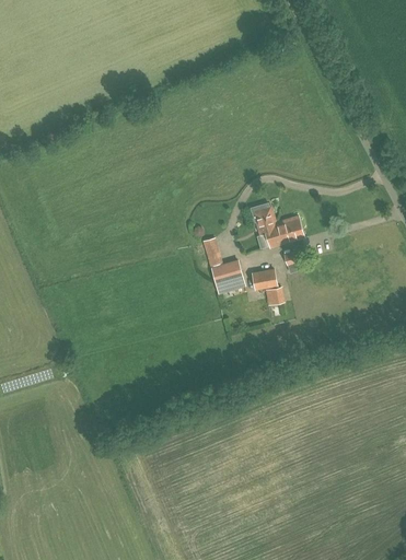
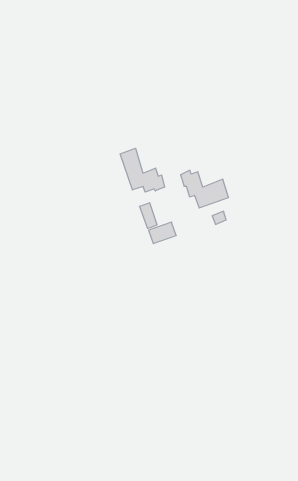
building: none -> [120,148,165,192]
building: [252,270,285,304] -> none

